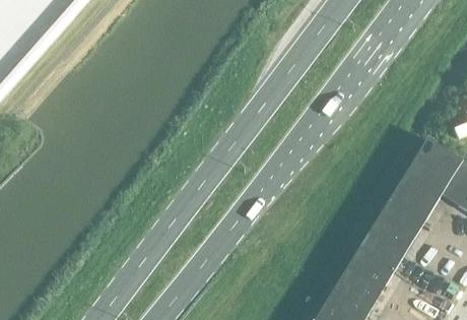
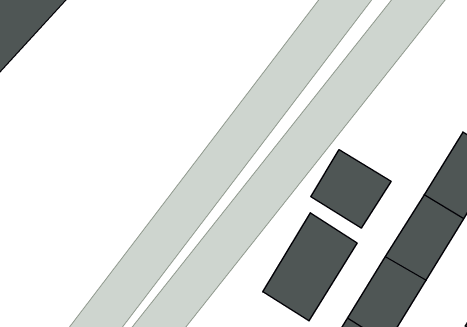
building: none -> [311,150,391,228]
building: none -> [263,213,357,321]

